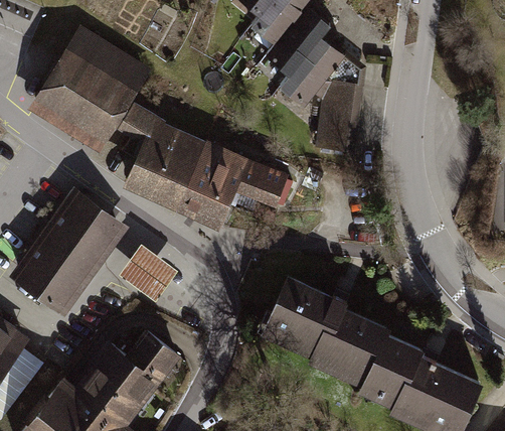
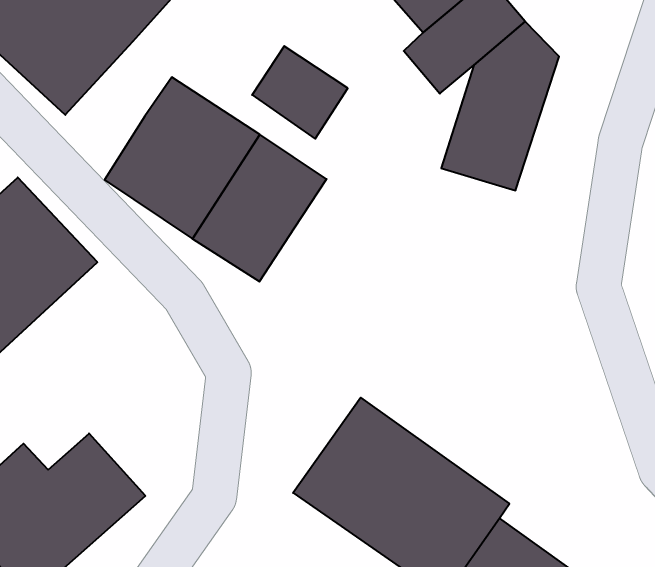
building: [114,105,153,145] -> none
building: [235,162,288,210] -> [252,46,348,139]
building: [117,243,175,299] -> none

